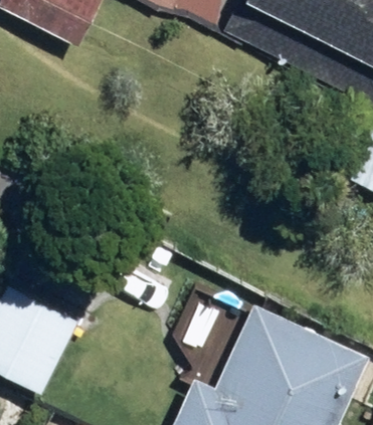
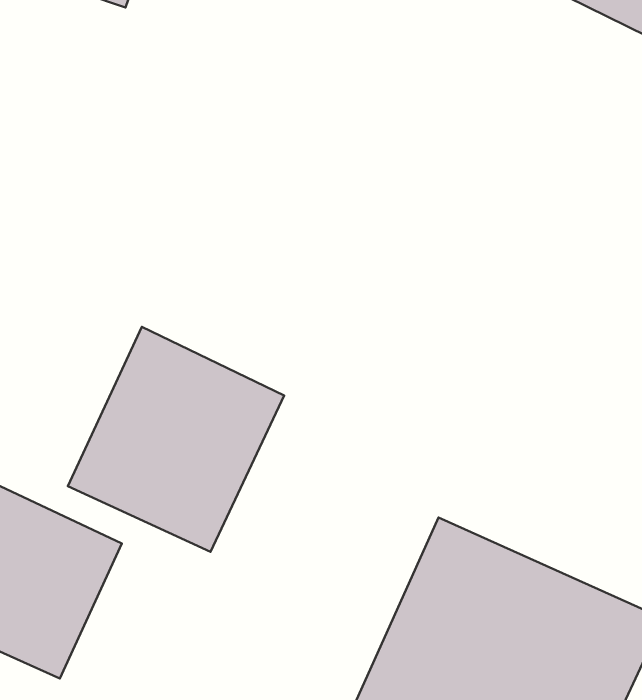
building: none -> [68,327,284,552]

